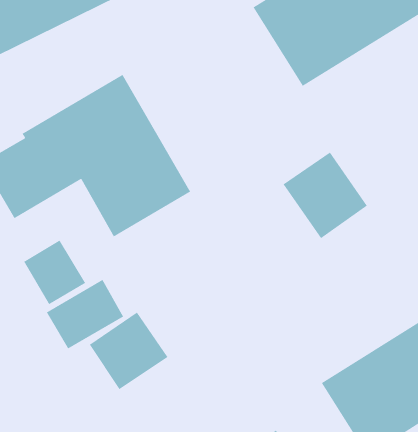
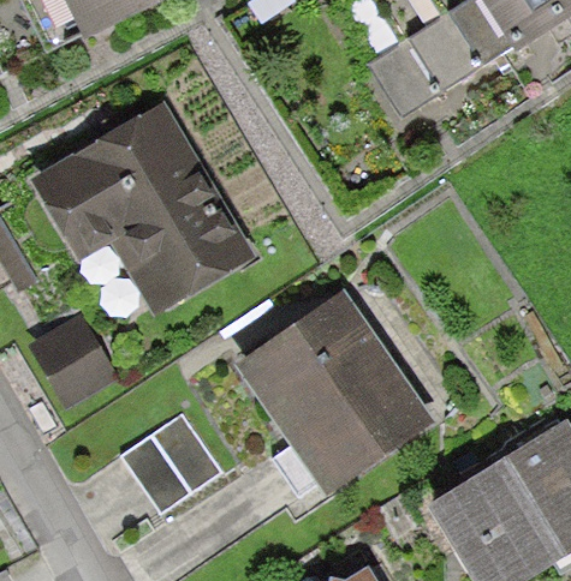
building: [282,151,368,239] -> none
building: none -> [237,293,436,502]
building: [46,279,124,349] -> none

